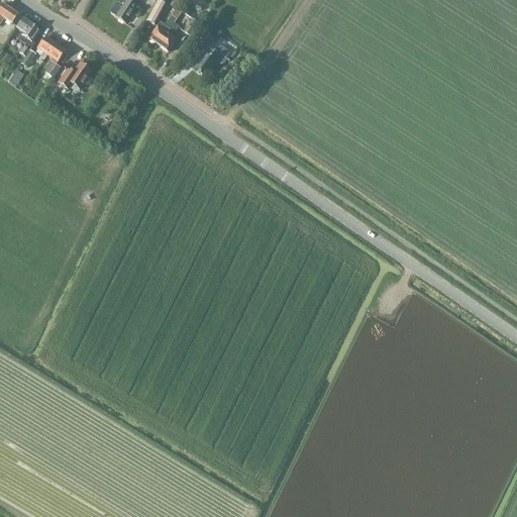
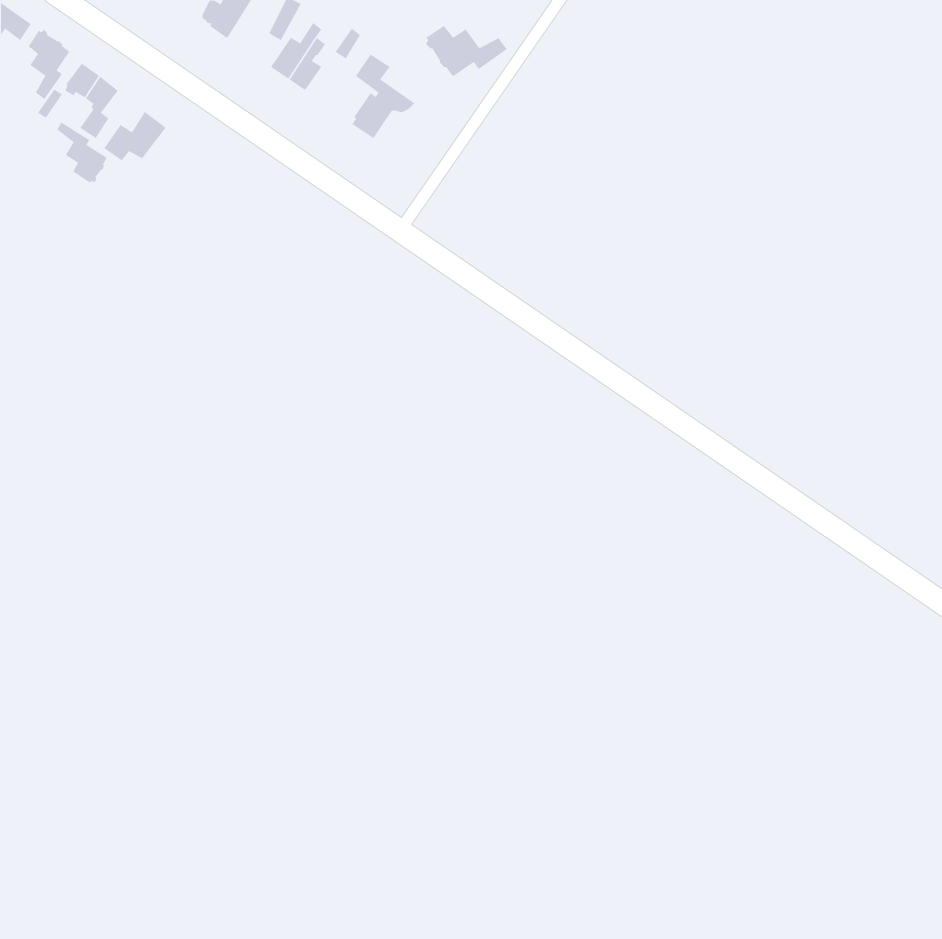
building: none -> [425,25,508,77]
building: none -> [57,121,108,184]

